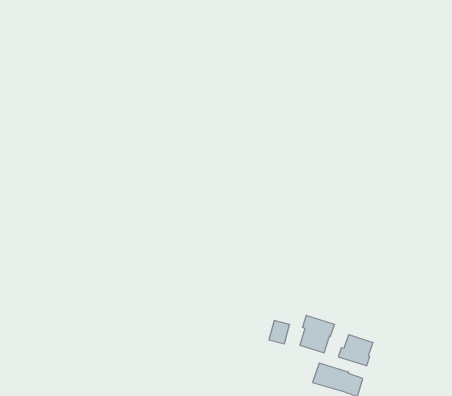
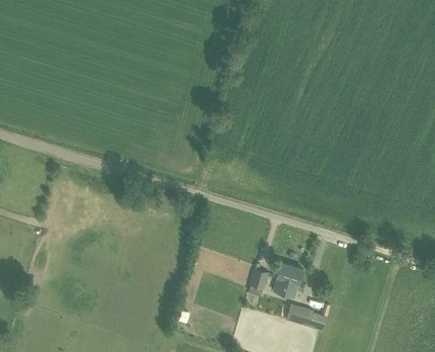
building: [339,335,373,366] -> none

